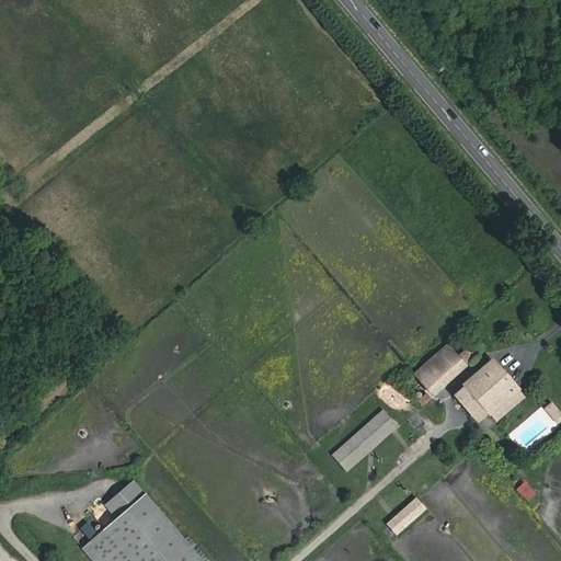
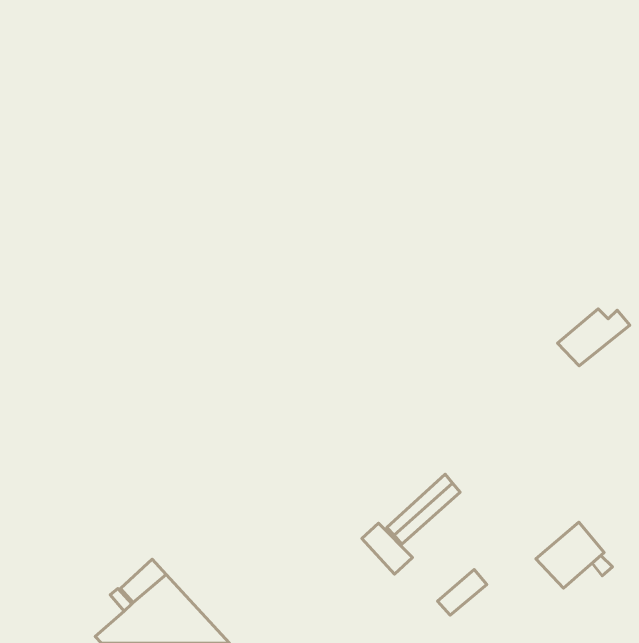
building: [414,344,477,393] -> [558,309,630,366]
building: [455,366,514,423] -> [536,522,604,588]
building: none -> [362,523,413,574]

